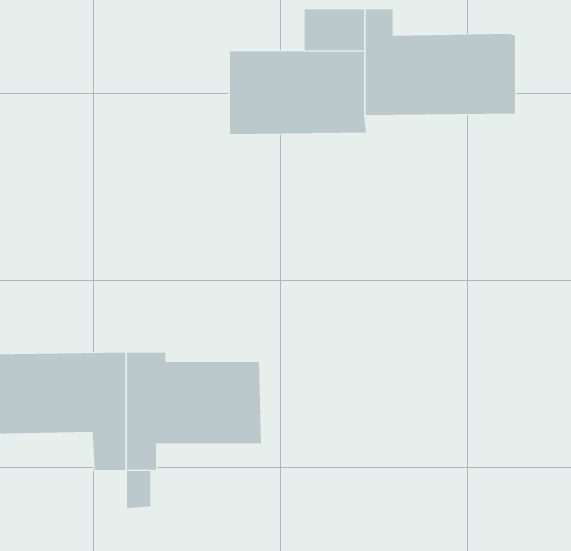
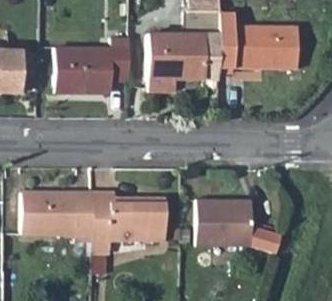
building: none -> [55,37,128,92]
building: none -> [197,198,280,251]

